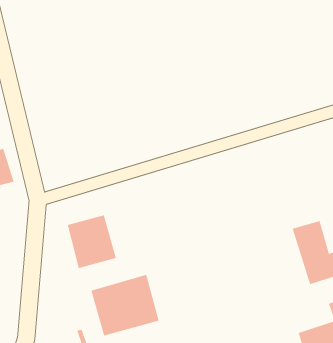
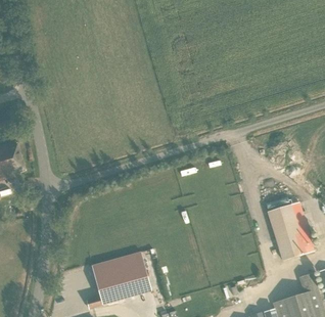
building: [67,215,116,269] -> none

